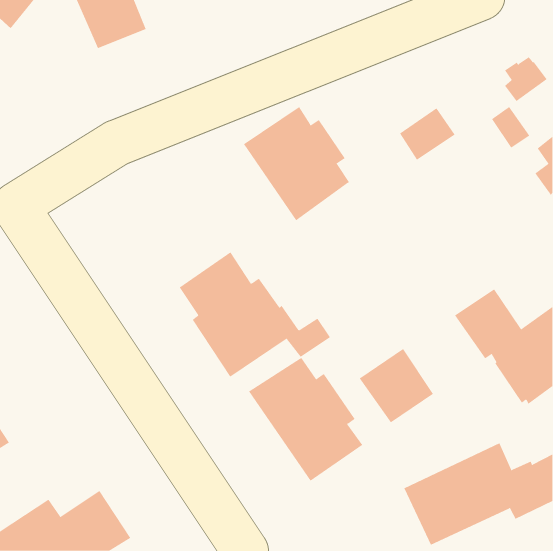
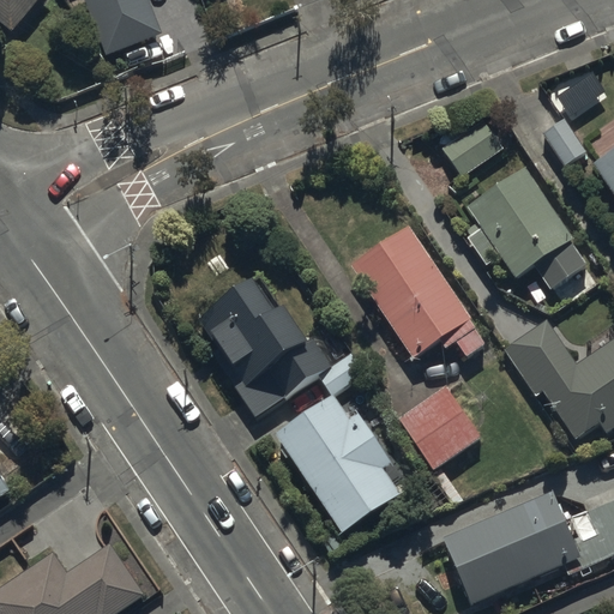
building: [243,106,350,221] -> none
building: none -> [466,167,588,289]
building: none -> [351,225,487,357]

